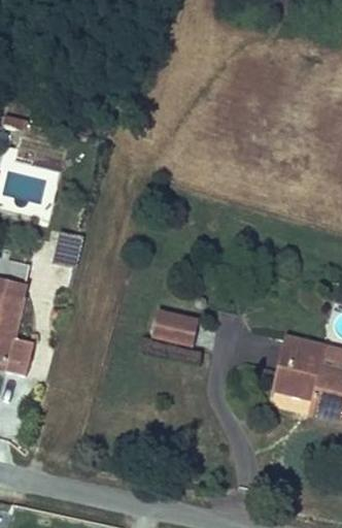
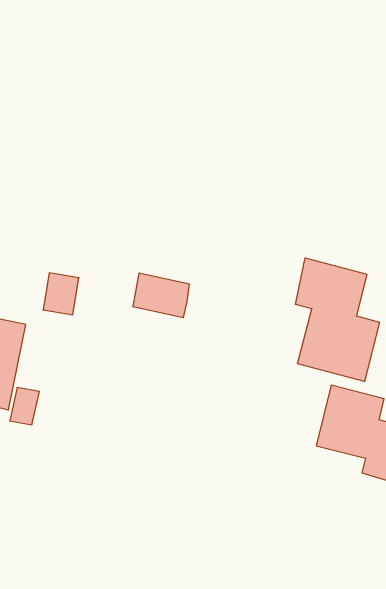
building: none -> [295,258,380,382]
building: [155,308,202,345] -> [133,273,190,318]

